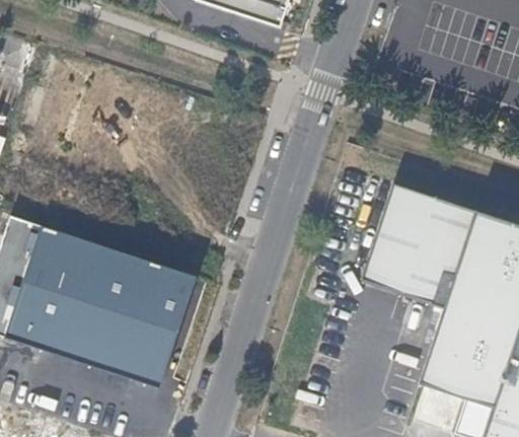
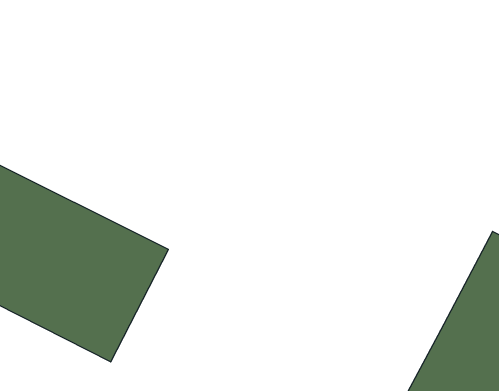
building: [367,183,487,310] -> none

